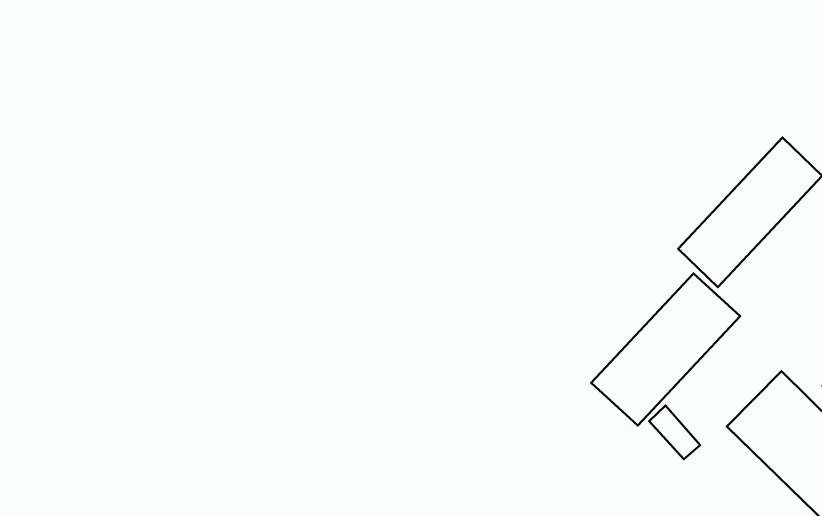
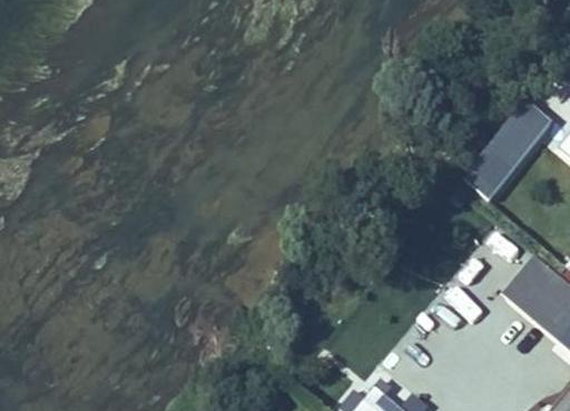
building: [591,274,740,425] -> none

